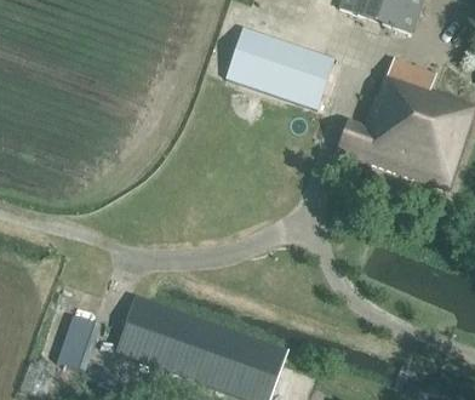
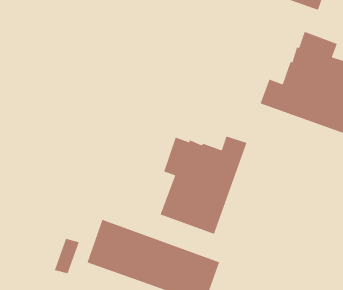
building: [222,25,331,108] -> none
building: none -> [160,136,247,235]

